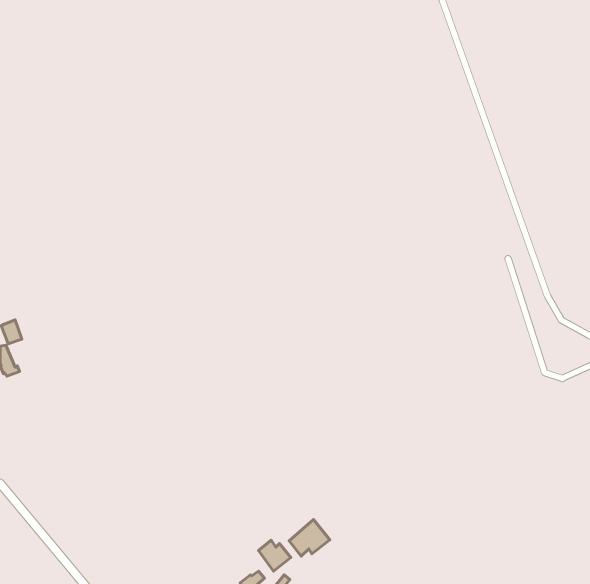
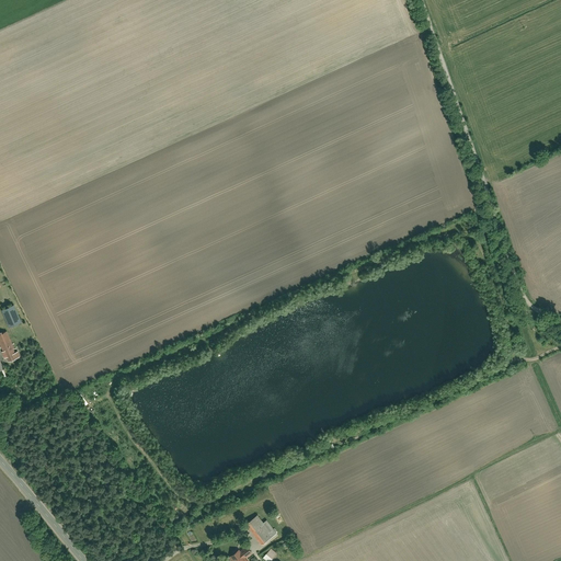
building: [289,520,330,556] -> none

